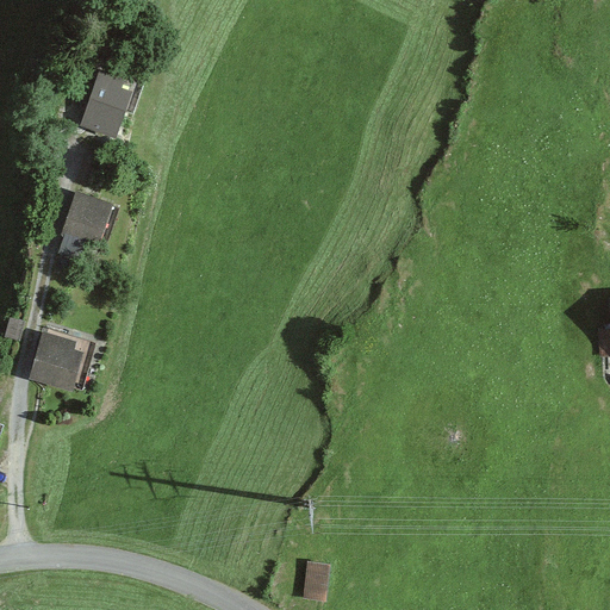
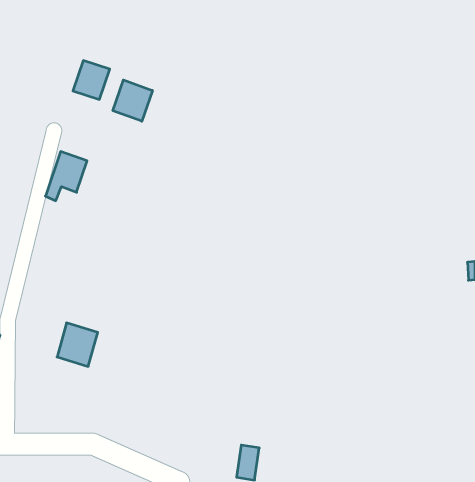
building: none -> [113,80,152,121]
building: [32,336,83,391] -> [57,323,98,366]

